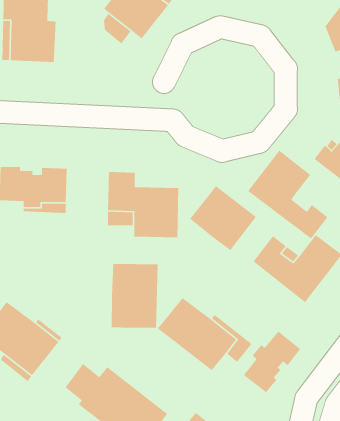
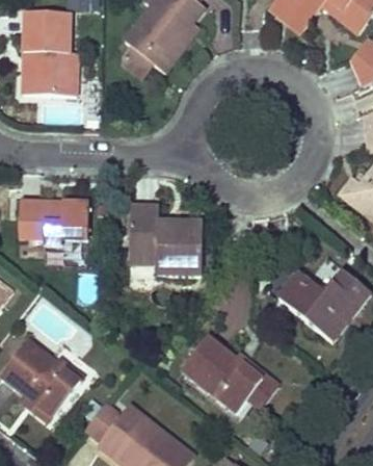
building: [247,149,329,240] -> none
building: [189,185,257,251] -> none
building: [111,263,159,328] -> none
building: [243,331,301,393] -> none

